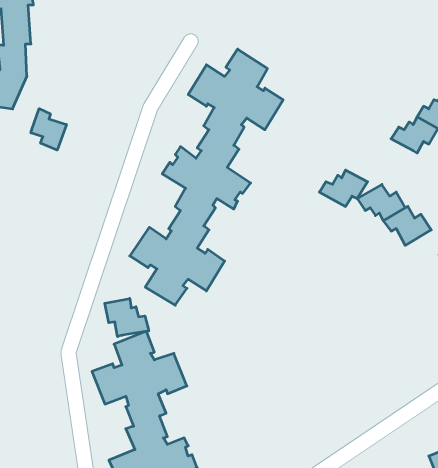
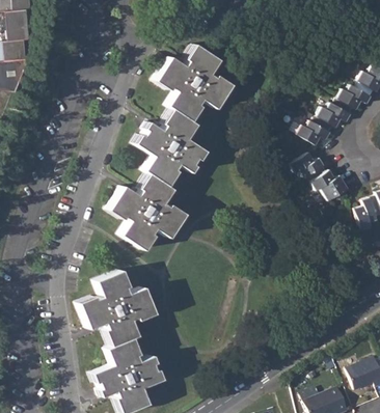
building: [31,109,66,150] -> none
building: [319,170,368,206] -> [297,115,335,144]
building: [105,298,149,337] -> none

